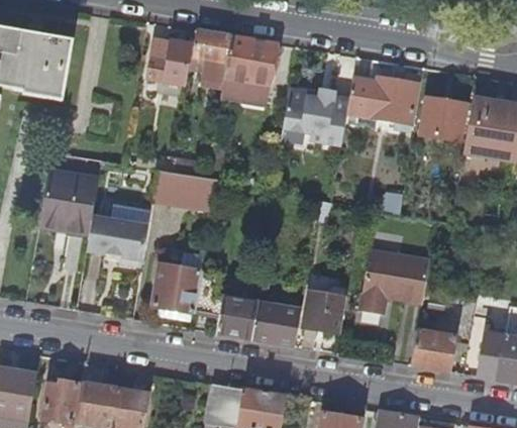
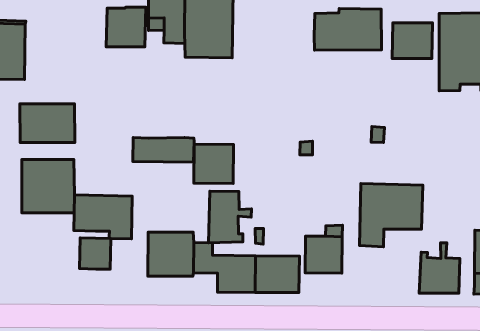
building: [283,89,349,145] -> none
building: none -> [20,104,75,142]
building: none -> [194,144,234,183]
building: none -> [208,191,251,243]
building: none -> [80,238,111,269]

